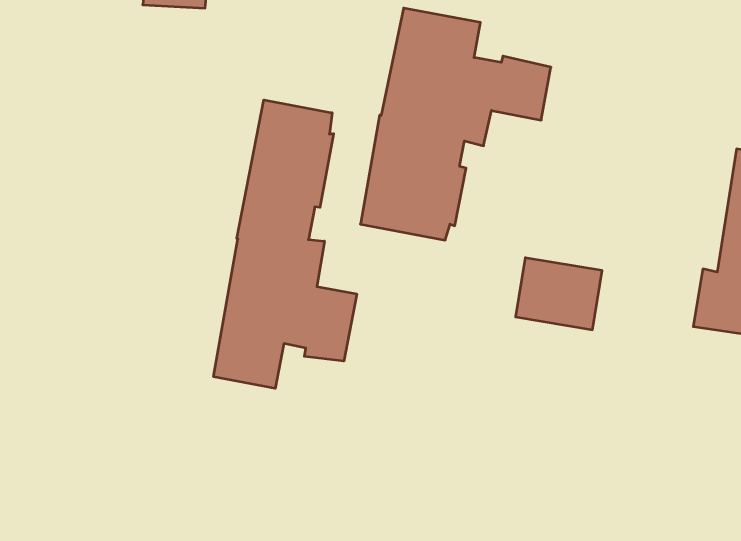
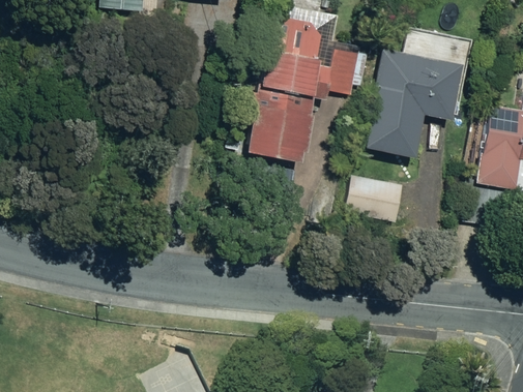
building: none -> [367,48,463,158]
building: [214,100,357,388] -> none

